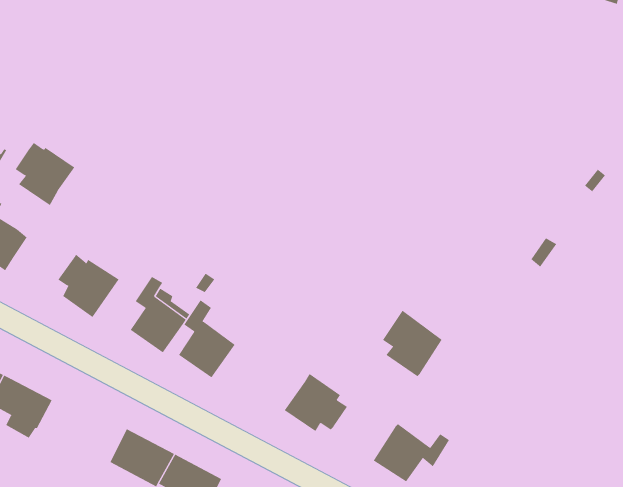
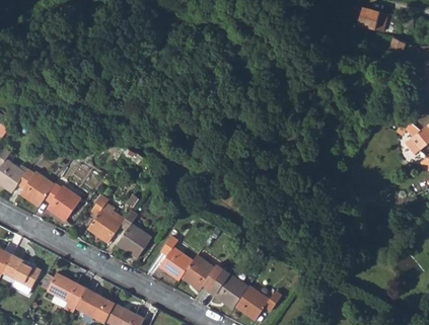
building: [15,142,75,206] -> [17,168,54,207]
building: [382,310,443,377] -> [211,268,247,309]
building: none -> [158,236,193,279]
building: none -> [47,273,85,313]

